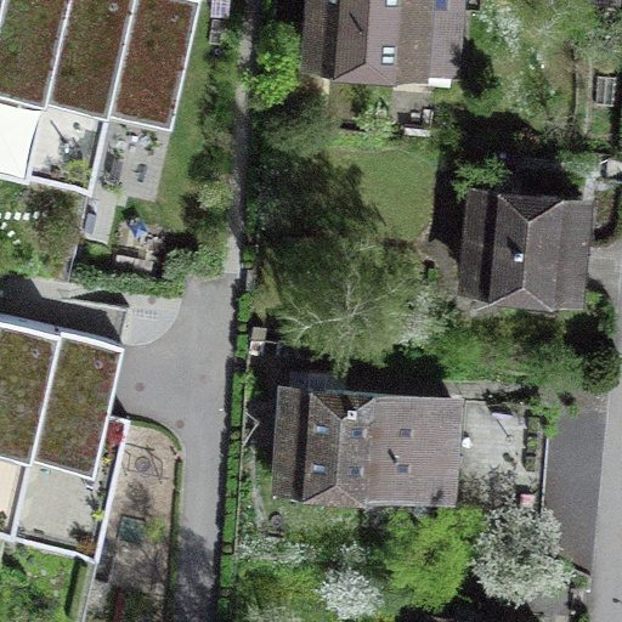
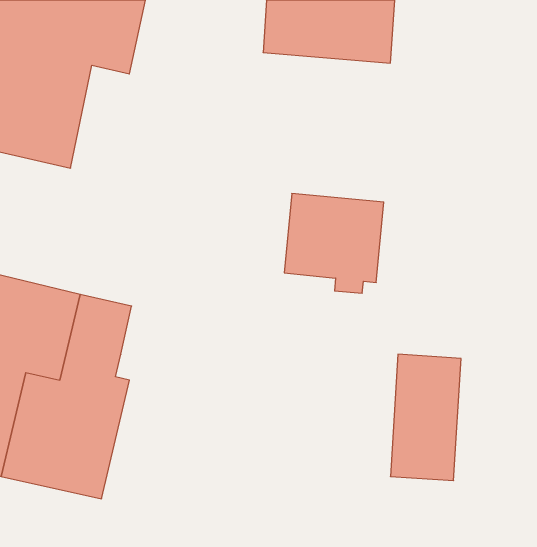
building: [458,190,571,302] -> [284,194,384,293]
building: [270,389,440,498] -> none

